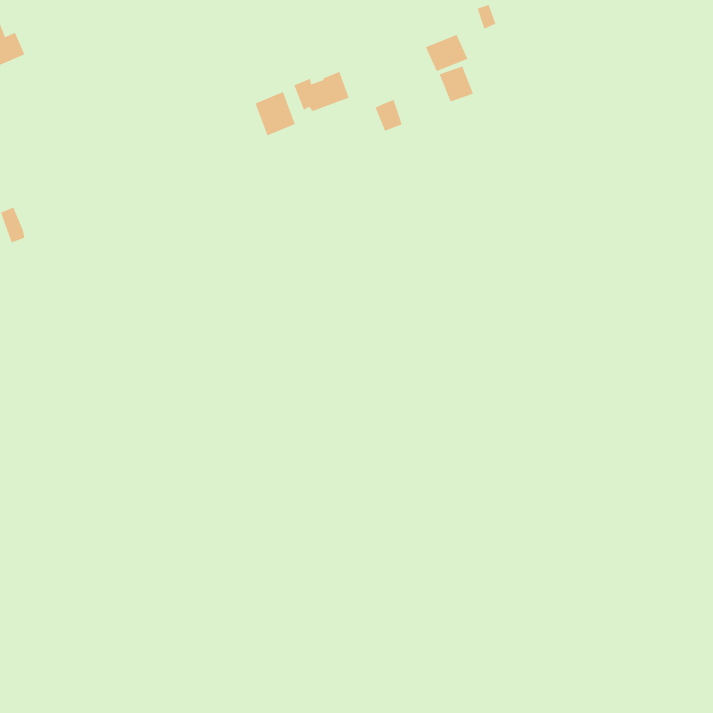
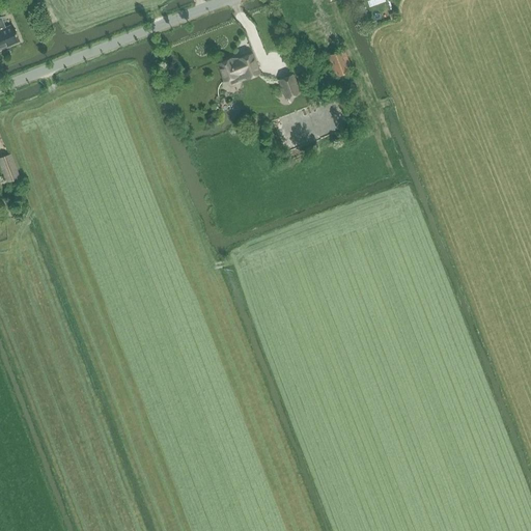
building: [425,34,468,72] -> none
building: [255,91,296,136] -> none

